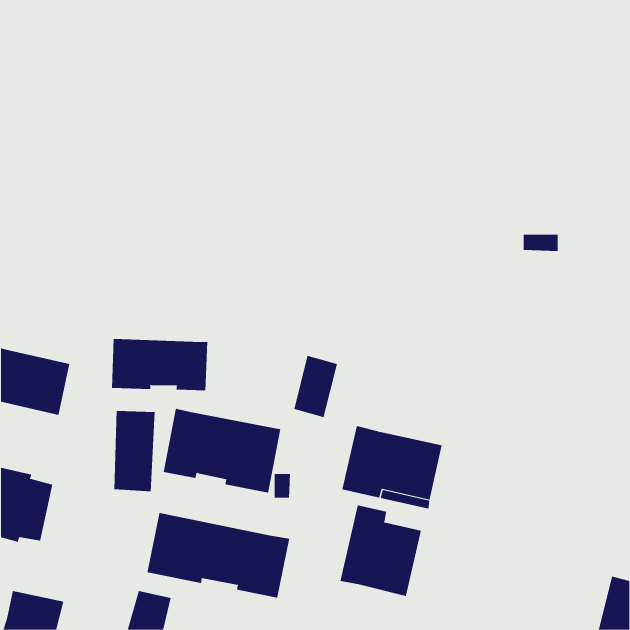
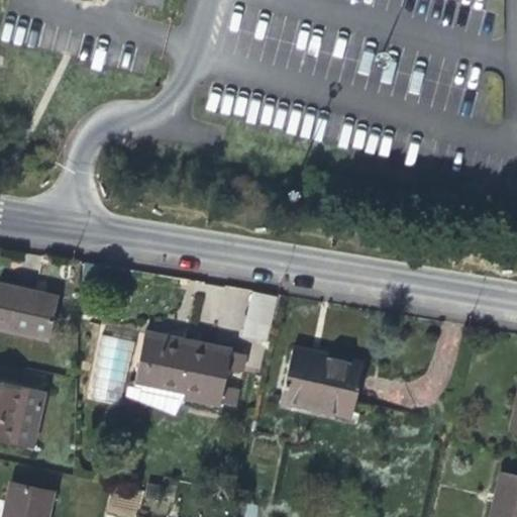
building: [111,338,208,391] -> none
building: [340,504,422,597] -> none
building: [147,512,290,599] -> none

